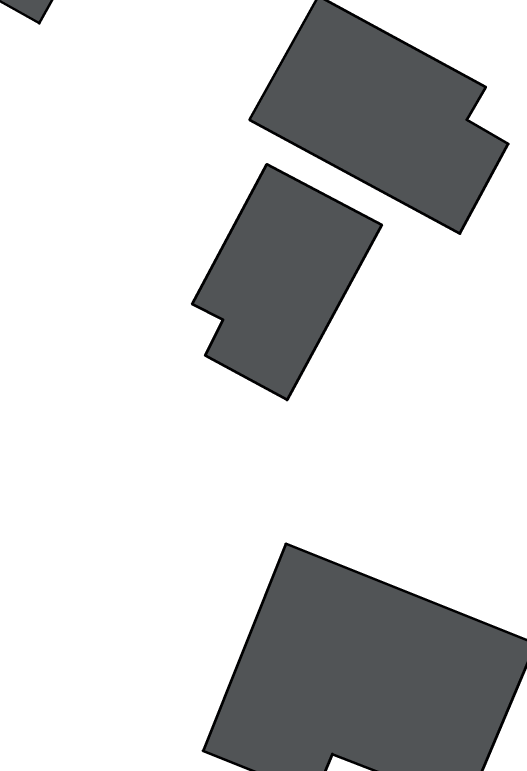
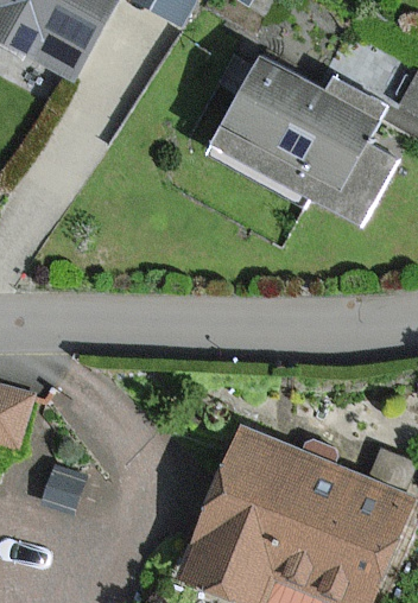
building: [192,164,382,400] -> none

